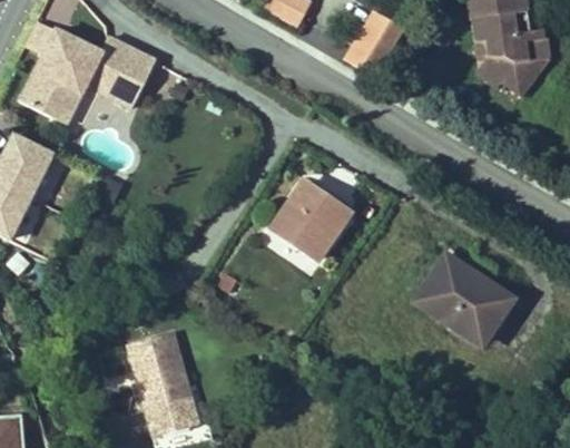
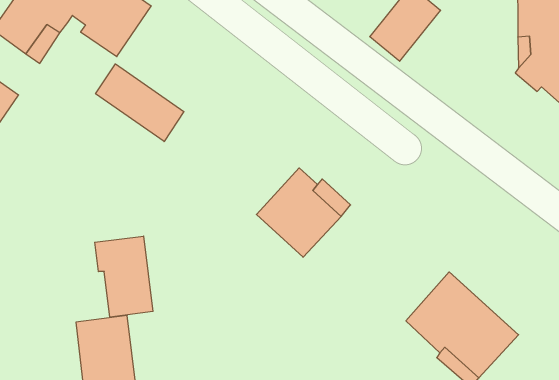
building: none -> [96,64,184,142]
building: none -> [95,236,153,317]

